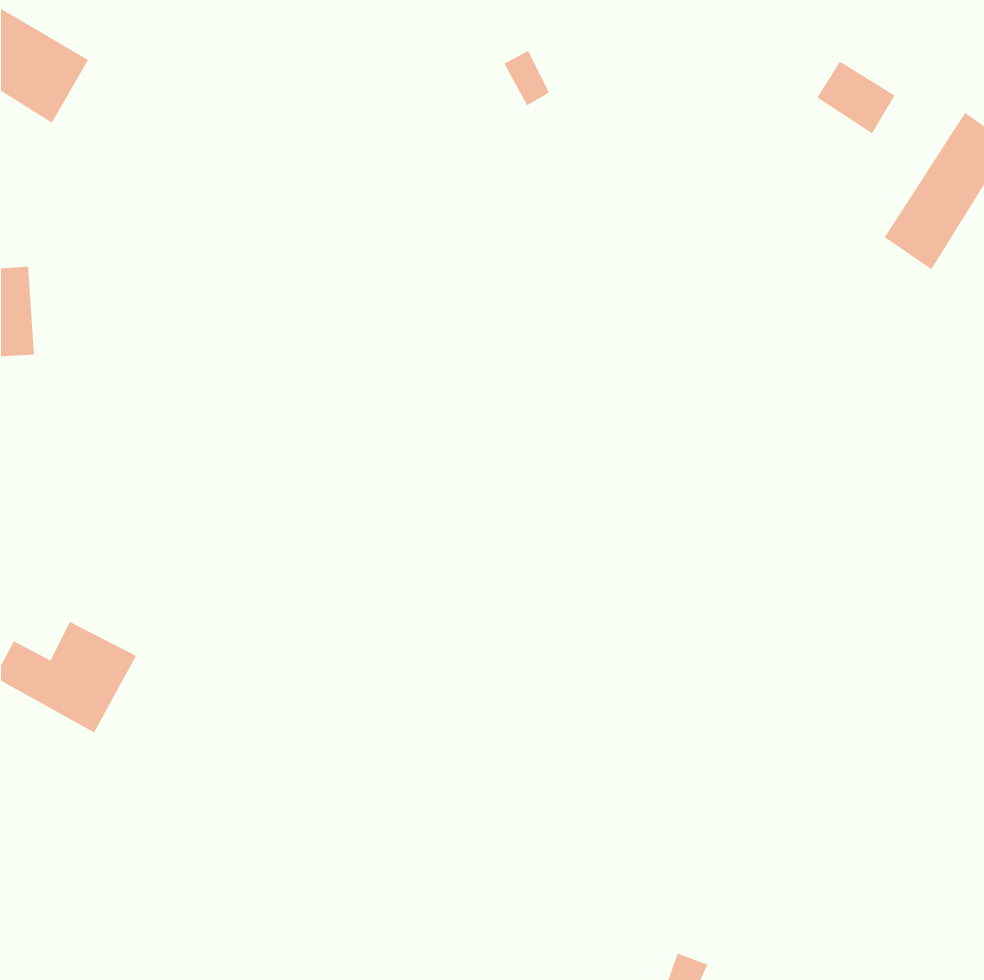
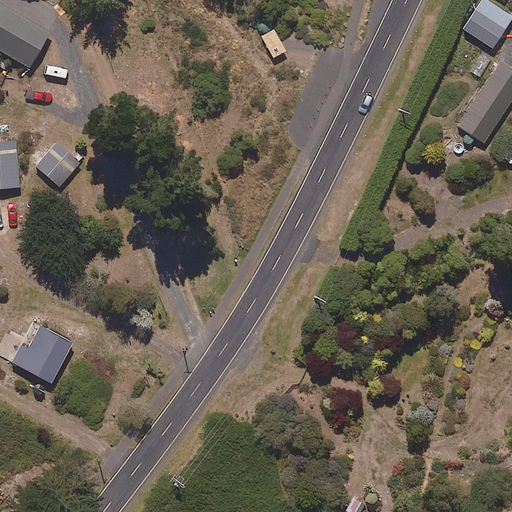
building: [816,61,896,134] -> [464,10,505,48]
building: none -> [35,141,81,187]

